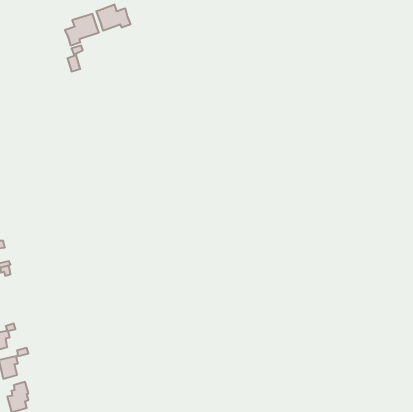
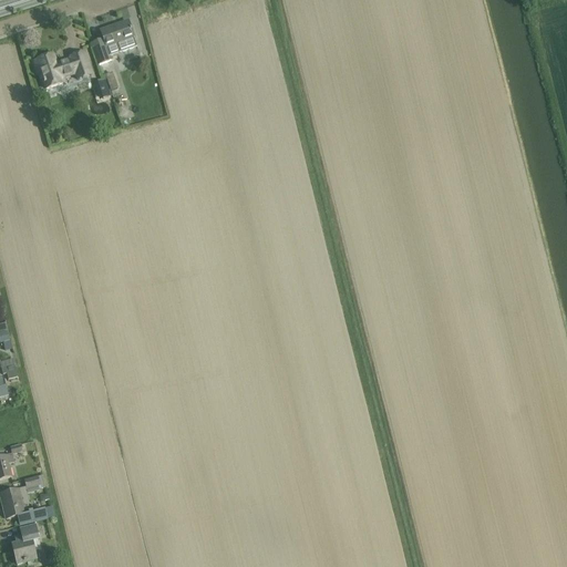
building: [96,4,130,31] -> none
building: none -> [32,50,90,86]

